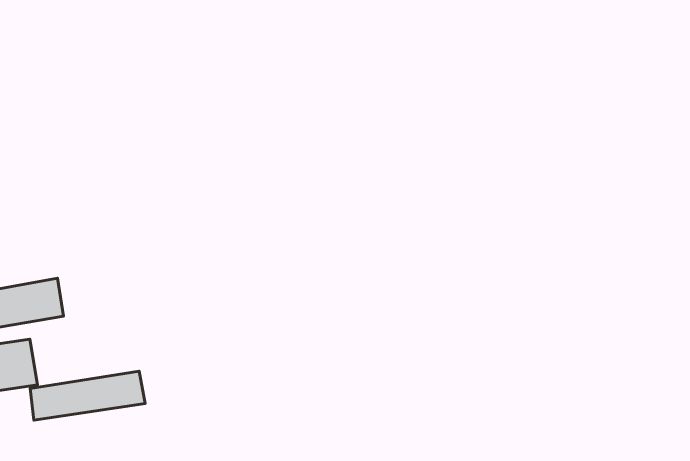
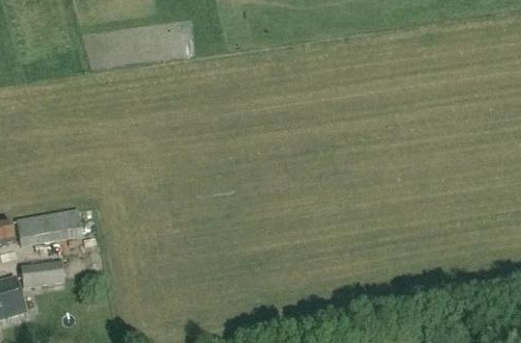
building: [30,371,145,420] -> none

